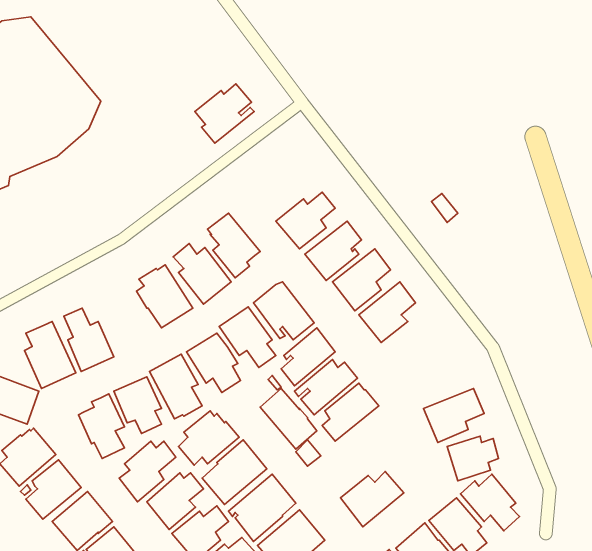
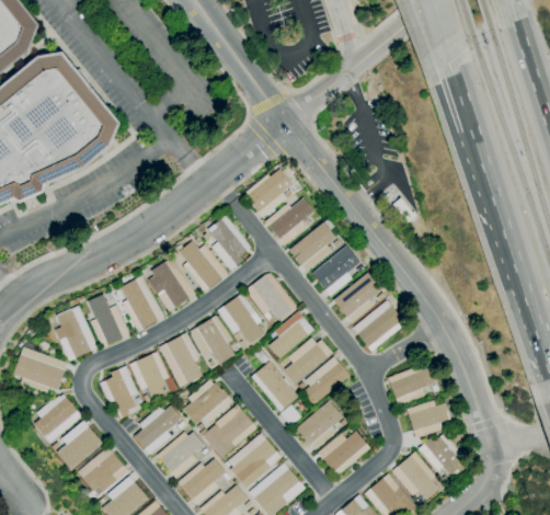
building: [195,84,254,143] -> [245,169,295,218]
building: none -> [121,276,163,331]
building: none -> [353,300,405,352]
building: none -> [296,401,343,450]

